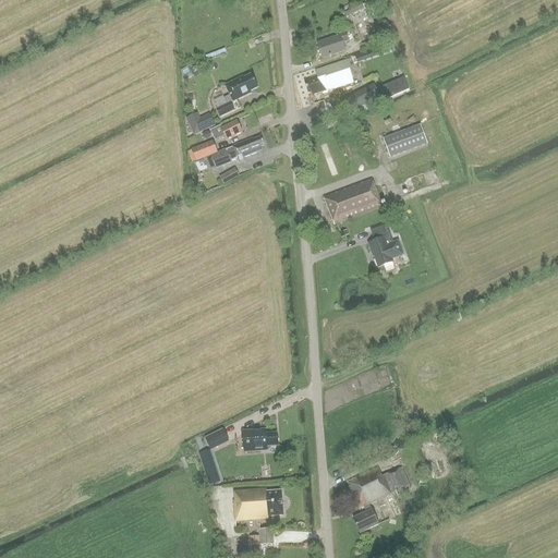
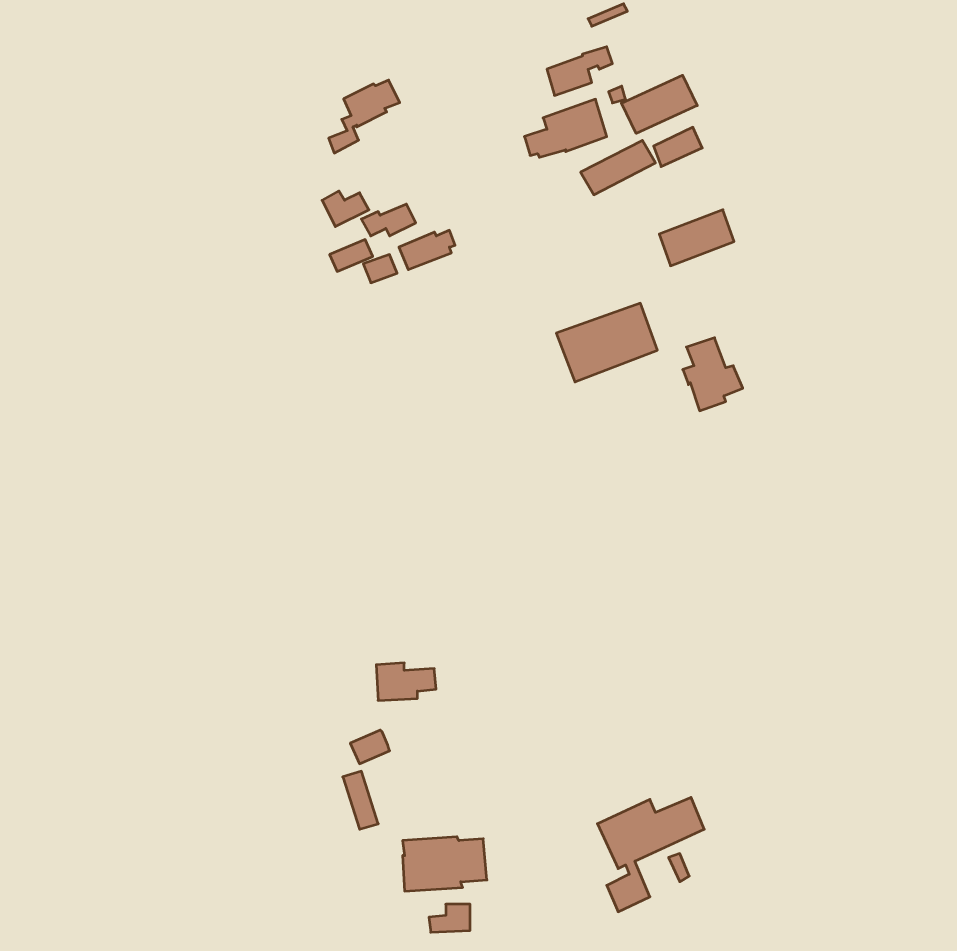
building: none -> [621,75,697,133]
building: [217,72,258,114] -> [329,80,400,153]
building: [368,222,403,265] -> [683,338,743,411]
building: [243,427,278,449] -> [376,663,436,700]

